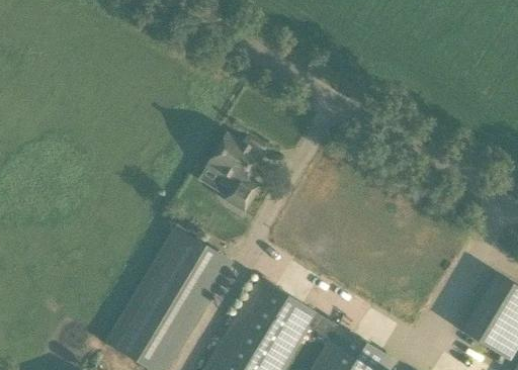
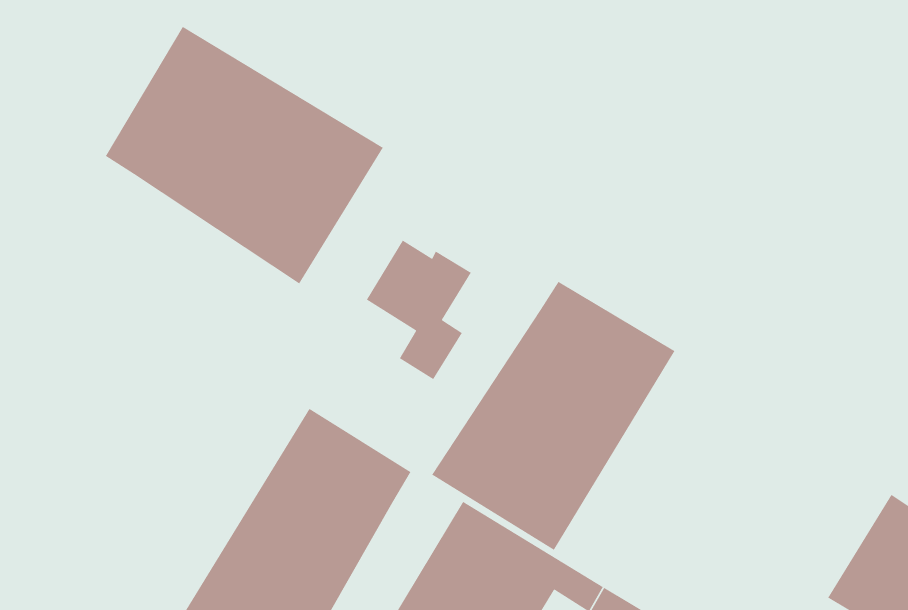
building: none -> [105,26,384,285]
building: none -> [431,281,676,551]

